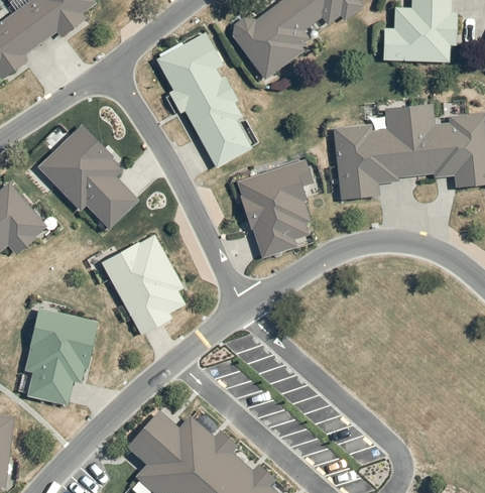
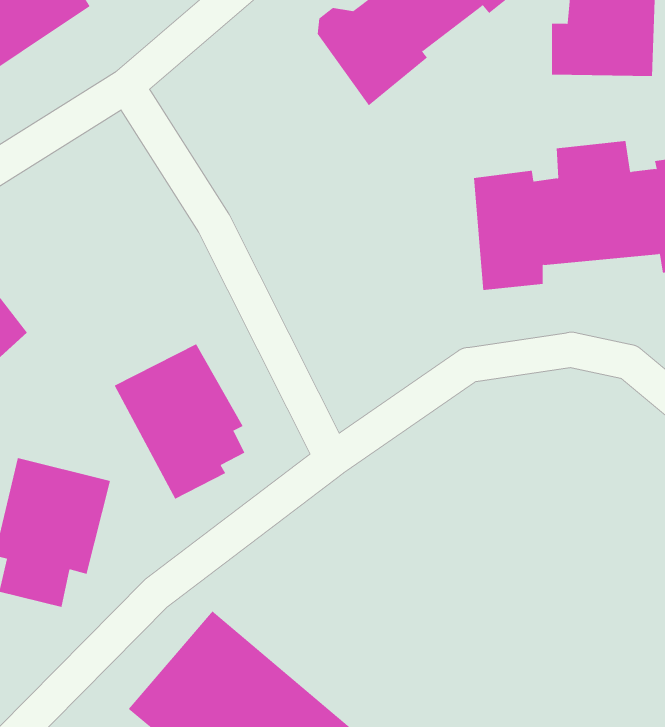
building: [155,31,253,167] -> none
building: [37,123,139,229] -> none
building: [237,158,313,258] -> none

